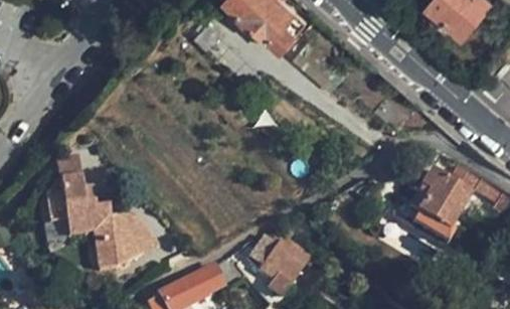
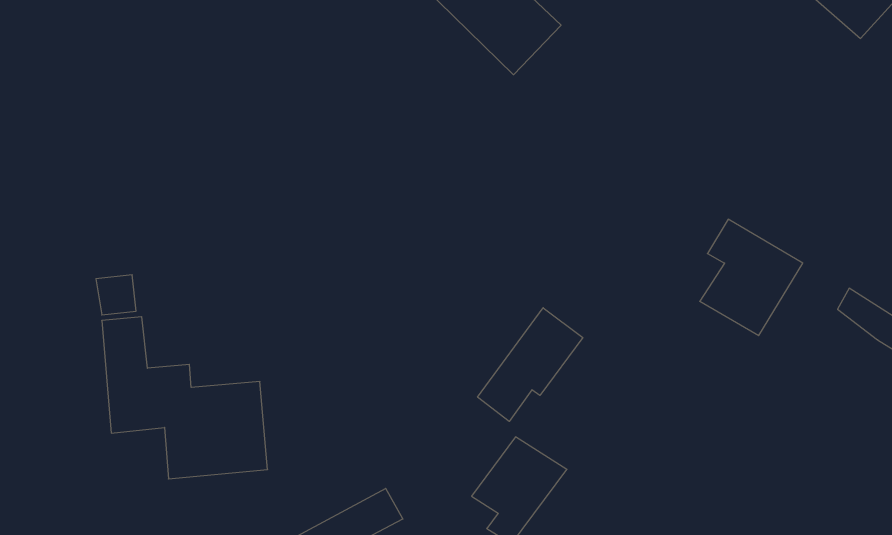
building: [412,172,467,234] -> [700,219,803,336]
building: none -> [478,308,583,421]

